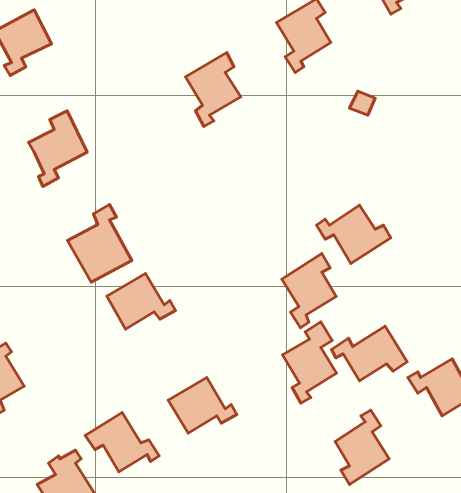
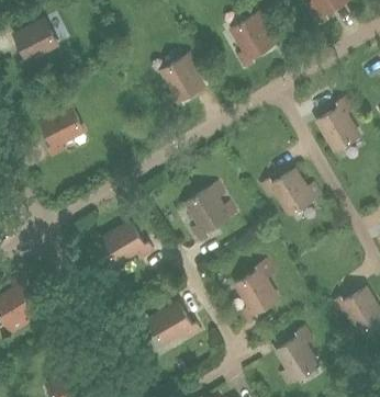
building: none -> [316,98,358,150]
building: [67,204,132,282] -> none
building: [282,254,336,328] -> [186,183,227,240]
building: [332,326,407,381] -> none
building: [85,412,159,472] -> none

